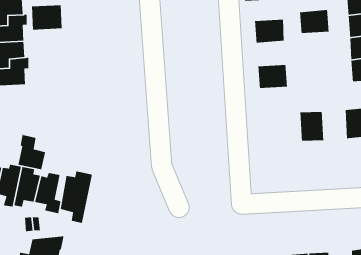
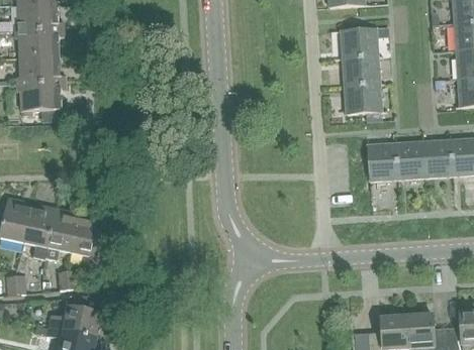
building: [31,4,62,30] -> none
building: [299,9,330,34] -> [343,55,380,86]
building: none -> [424,139,454,178]
building: none -> [369,142,398,181]
building: [17,133,46,170] -> none
building: [60,170,93,224] -> none

